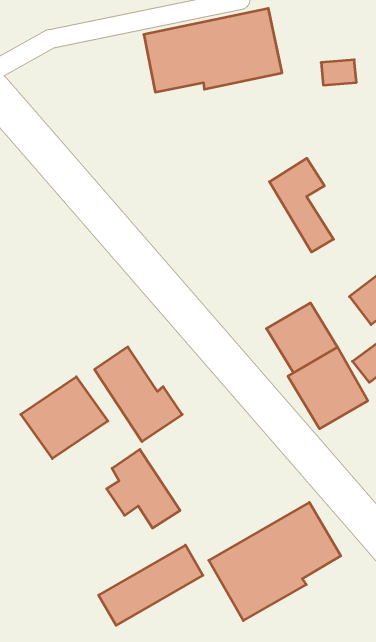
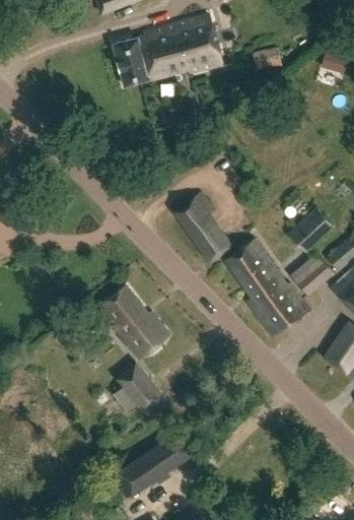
building: [269,158,334,252] -> [173,191,226,263]
building: [21,377,108,459] -> none
building: [209,502,341,621] -> none

